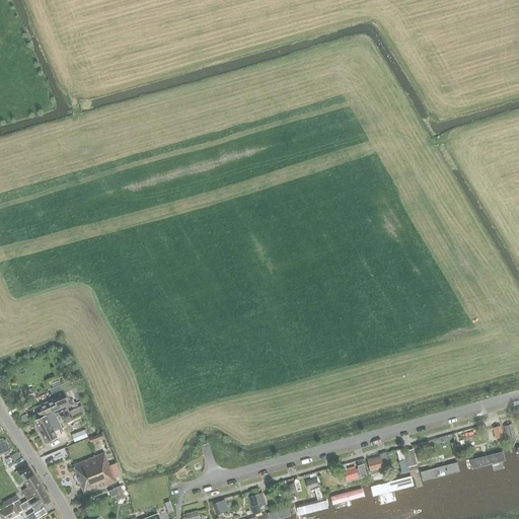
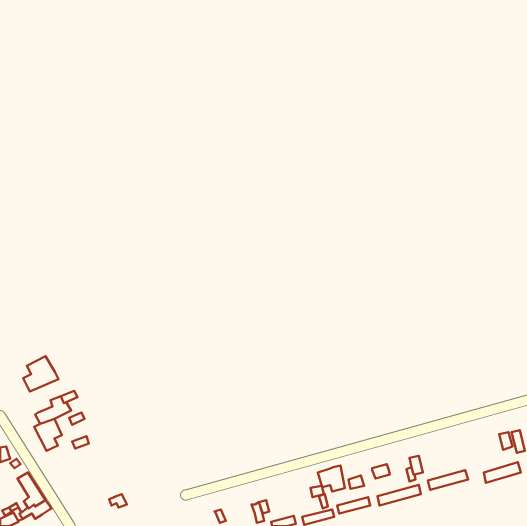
building: none -> [23,356,58,391]
building: [72,452,116,494] -> none
building: none -> [318,466,345,491]

